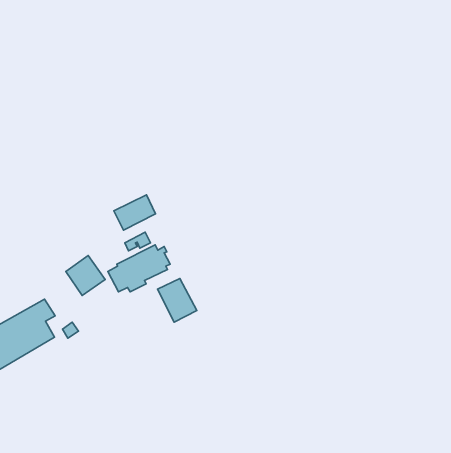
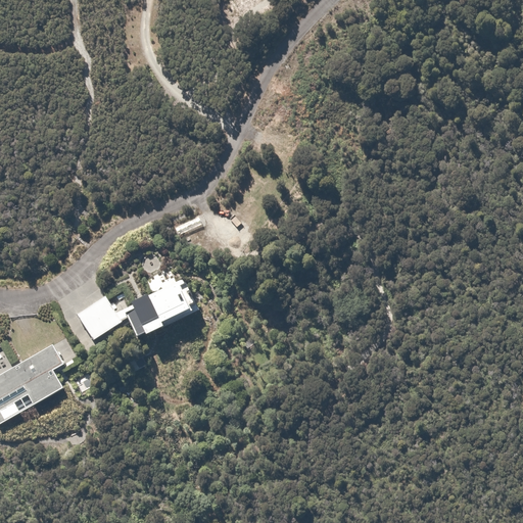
building: [114,195,155,230] -> none
building: [158,279,197,322] -> none

